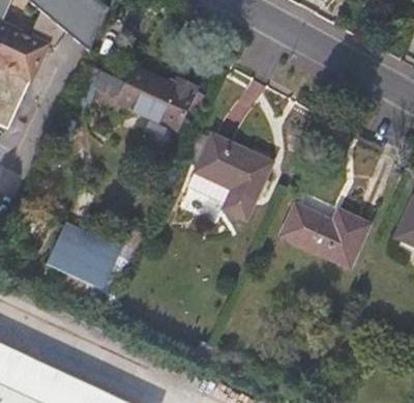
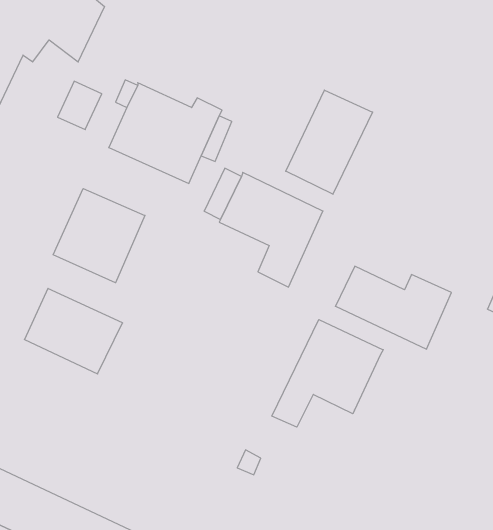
building: none -> [286,90,373,194]
building: none -> [53,189,145,283]
building: none -> [272,320,383,427]

